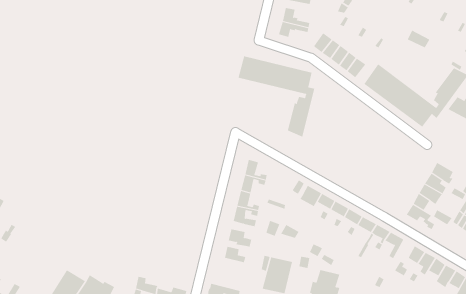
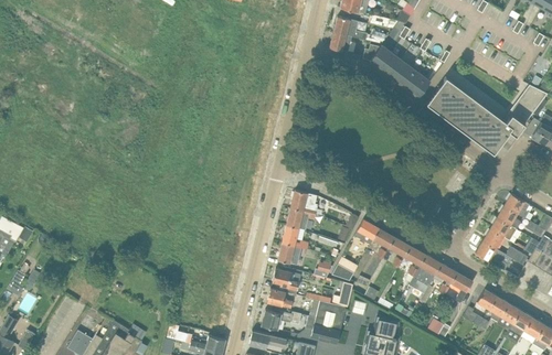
building: [238,55,315,137] -> none
building: none -> [261,310,300,331]

